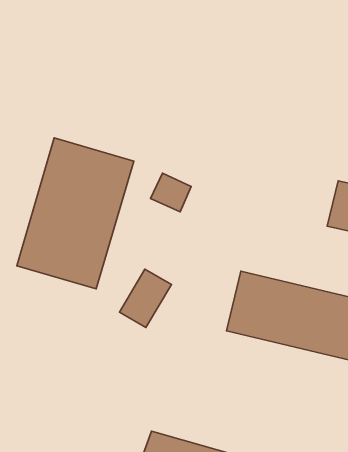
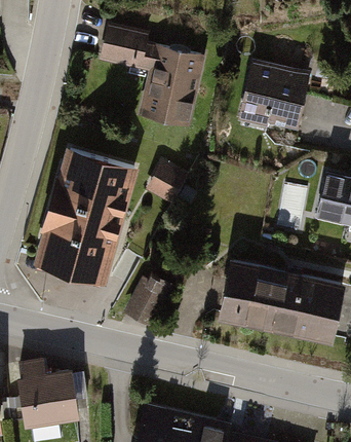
building: none -> [107,31,209,132]
building: none -> [238,58,311,124]
building: none -> [21,366,69,415]

